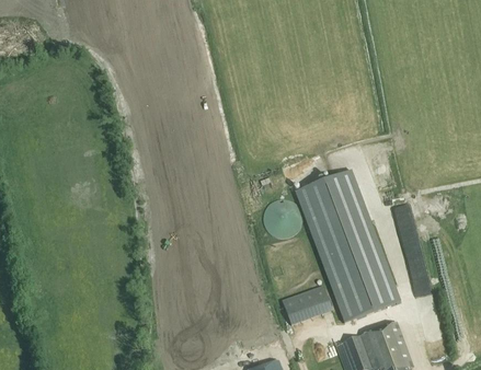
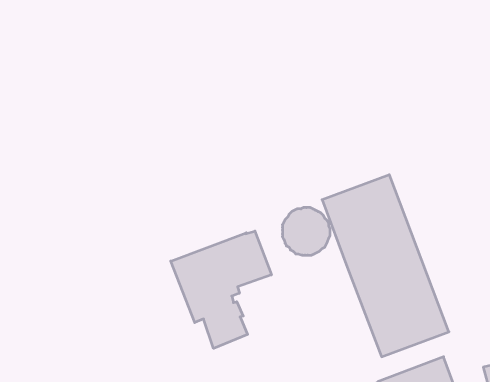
building: none -> [171,231,271,348]
building: [282,285,331,325] -> none

